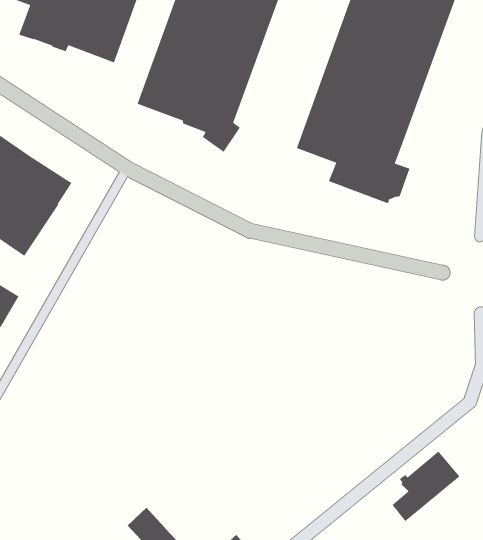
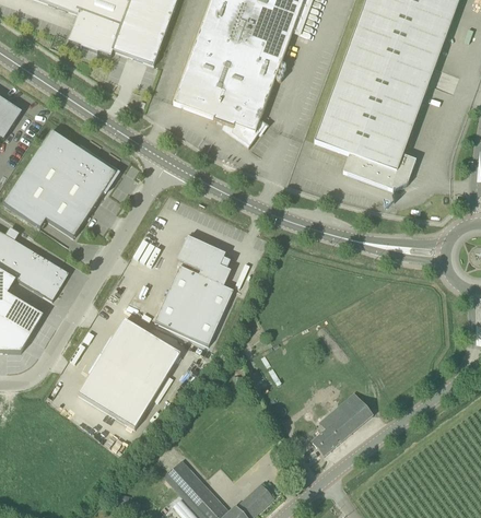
building: none -> [154,238,233,345]
building: none -> [78,320,180,429]
building: [391,451,461,522] -> [312,391,373,455]

